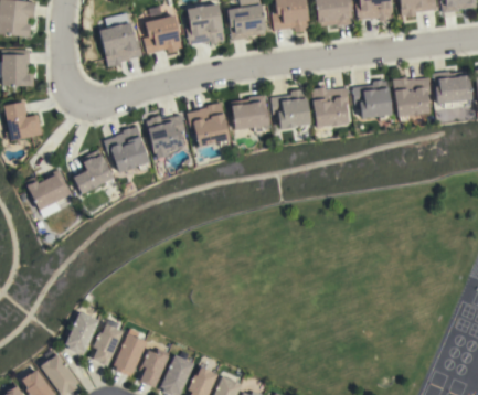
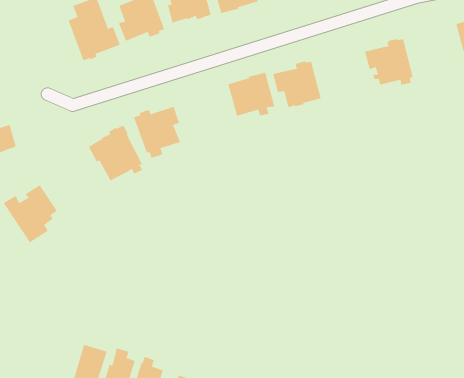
building: [393,77,431,120] -> none
building: [311,86,350,127] -> none
building: [187,103,230,147] -> none
building: [72,149,114,194] -> none

